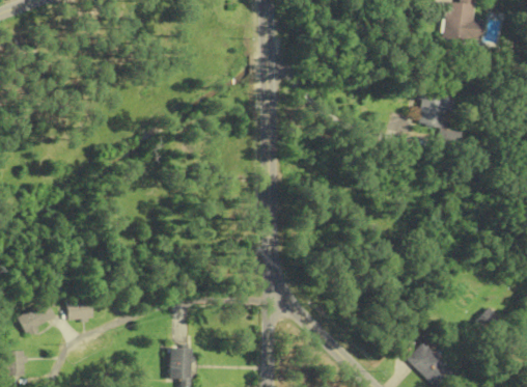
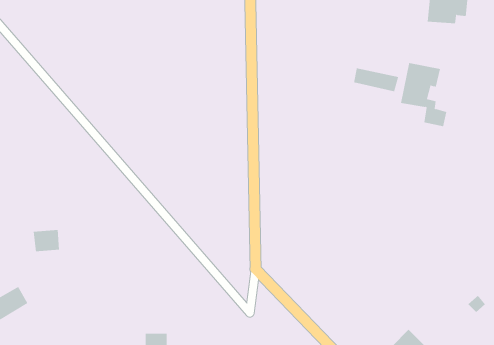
building: none -> [353,68,399,92]
building: [68,300,94,322] -> [33,229,60,252]

